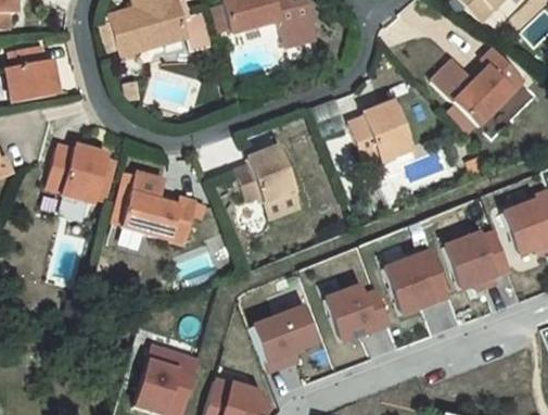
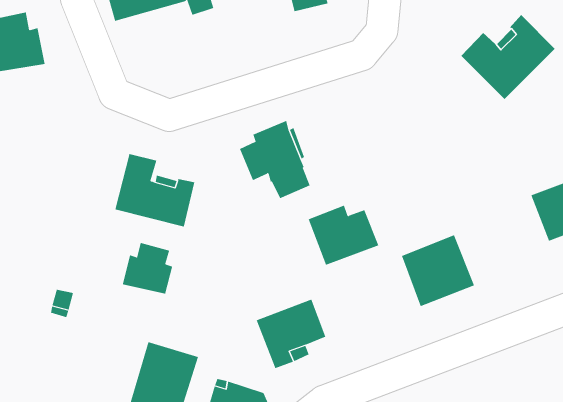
building: [348,101,412,163] -> none
building: [47,144,116,202] -> none
building: [444,231,510,289] -> none
building: none -> [122,242,173,294]
building: [326,287,391,342] -> [308,205,379,266]

